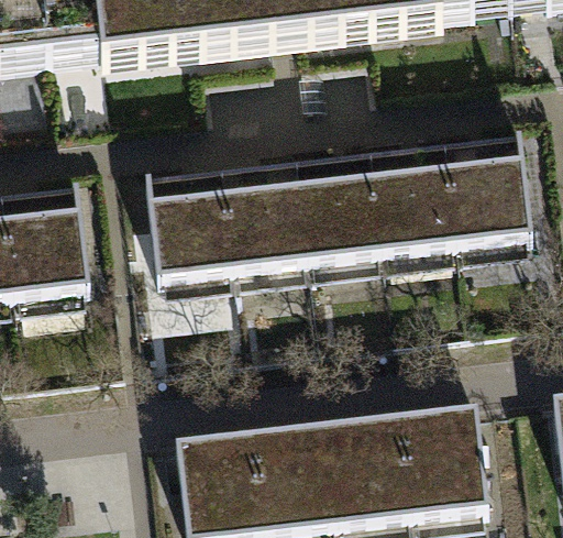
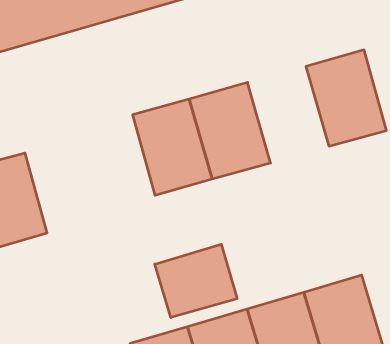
building: [371,147,457,259] -> none
building: [147,172,234,283] -> none
building: none -> [155,244,237,318]

